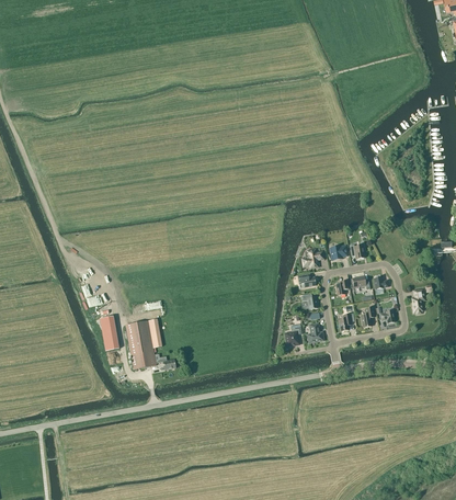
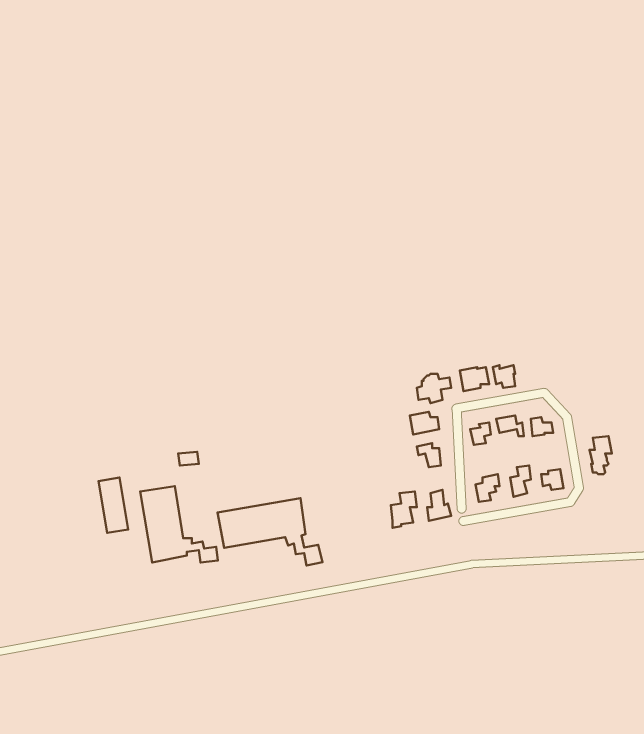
building: none -> [217,498,323,566]

